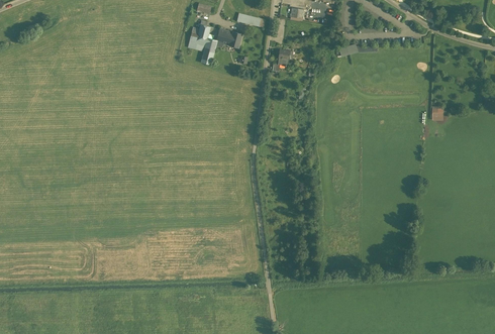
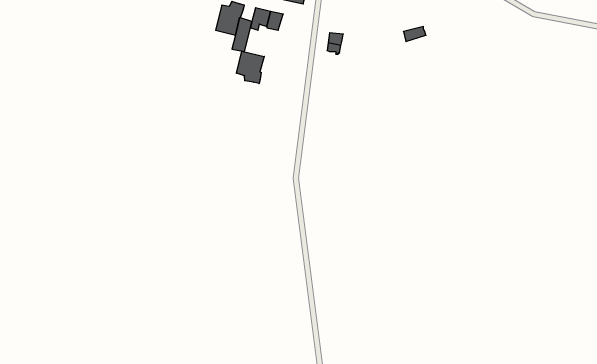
building: none -> [236,51,264,84]

